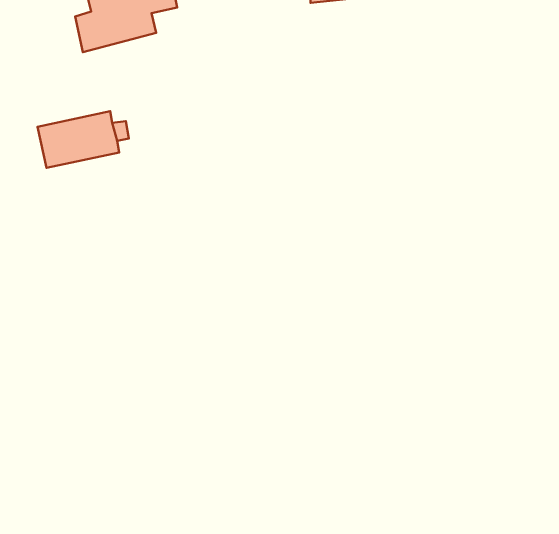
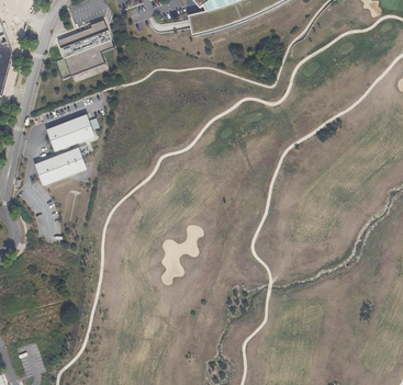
building: none -> [35,146,87,184]

